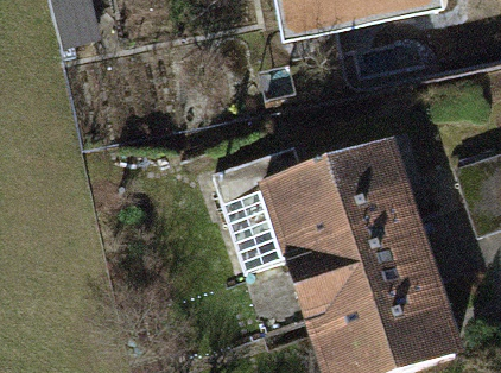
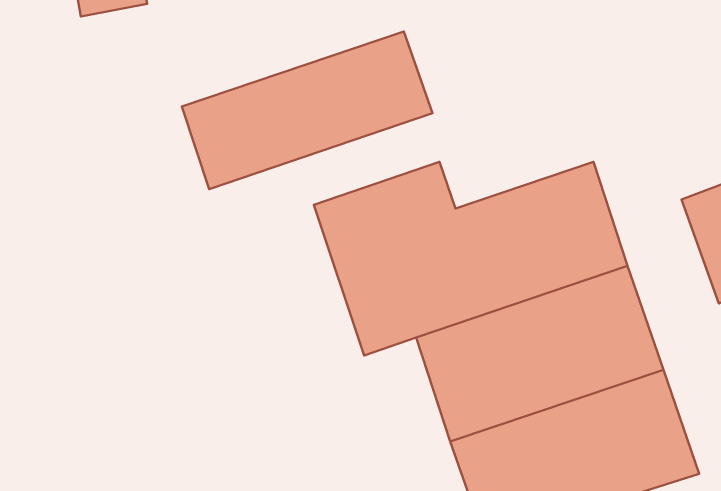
building: none -> [182,32,432,189]

